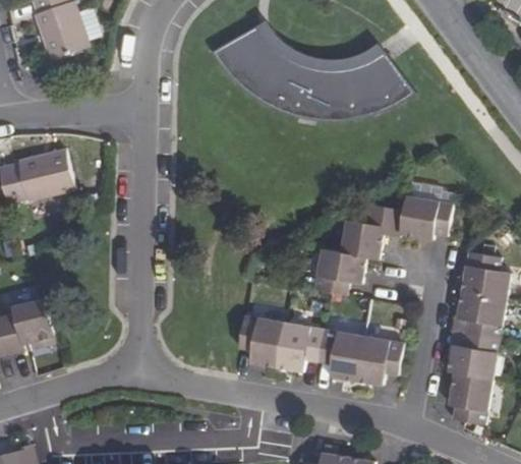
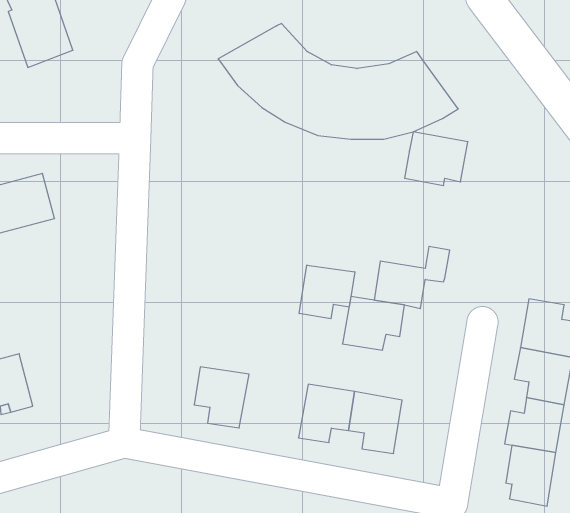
building: [399,196,452,241] -> [405,132,468,186]
building: none -> [299,265,355,319]
building: [239,317,285,368] -> [194,367,249,428]
building: [356,337,404,386] -> none

